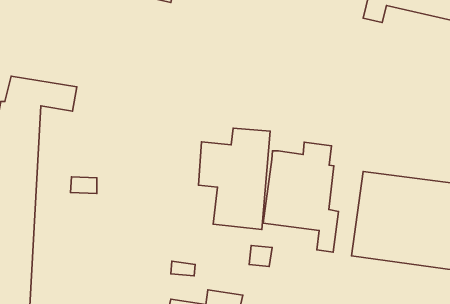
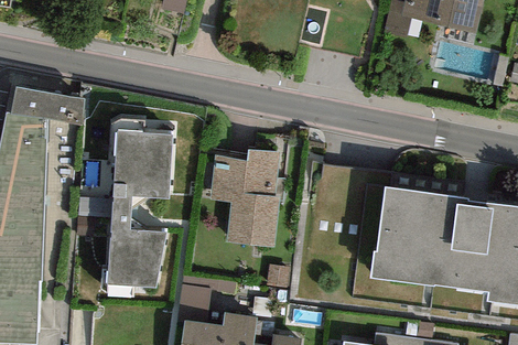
building: none -> [102,132,171,297]
building: [263,142,339,252] -> none

